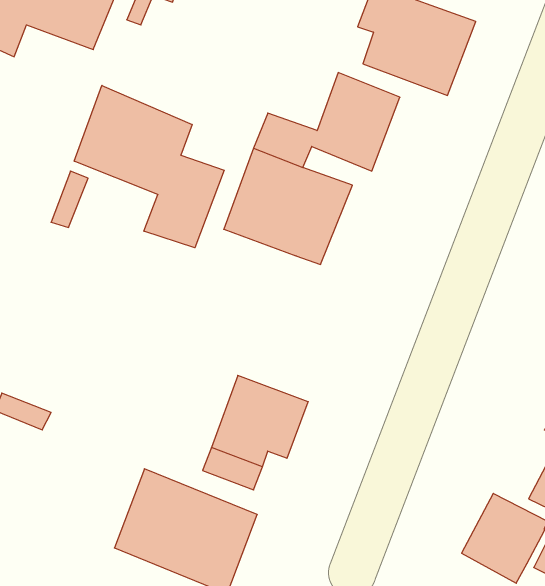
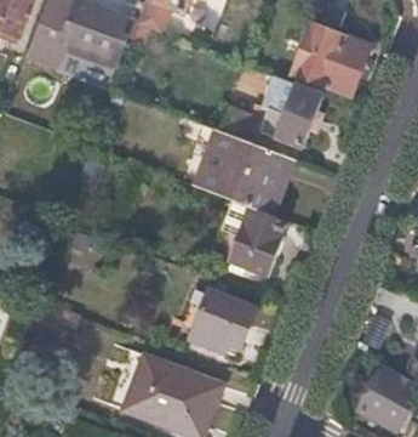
building: [74,85,224,248] -> none
building: none -> [227,204,286,274]

